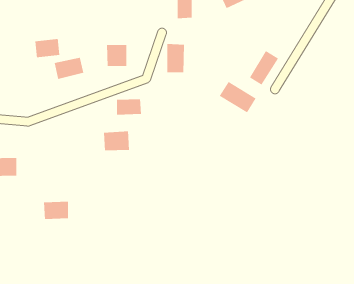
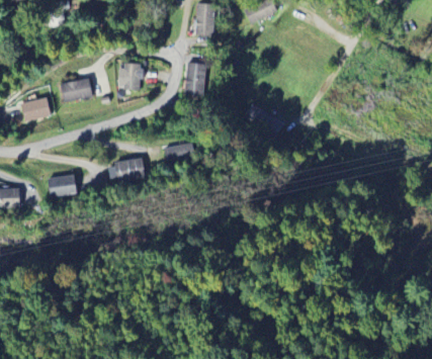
building: [34,39,60,58] -> [22,99,51,120]
building: [249,50,279,86] -> none
building: [116,99,142,115] -> [165,145,193,163]
building: [43,201,69,219] -> [49,176,77,196]

